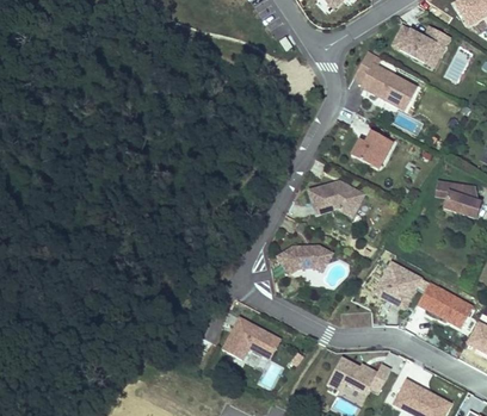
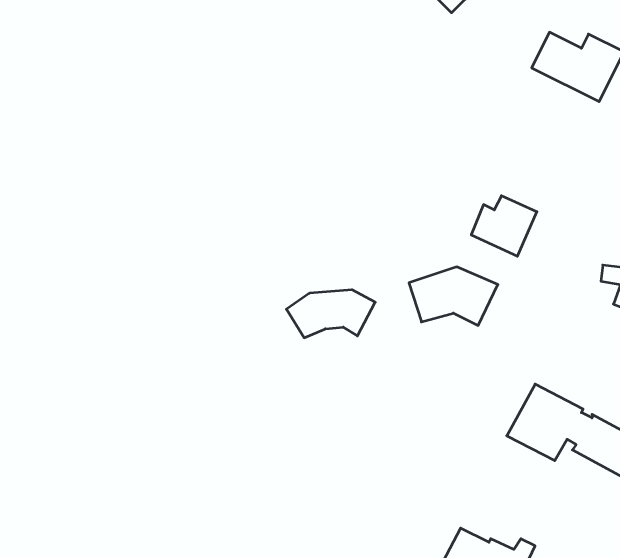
building: [353,49,419,112] -> none
building: [276,244,335,277] -> [286,290,375,338]
building: [221,315,282,361] -> none

